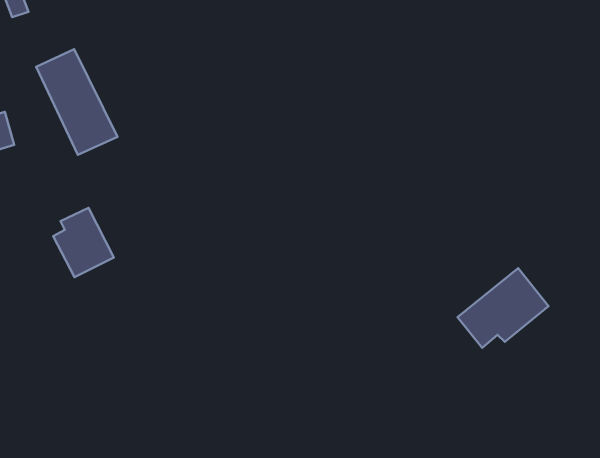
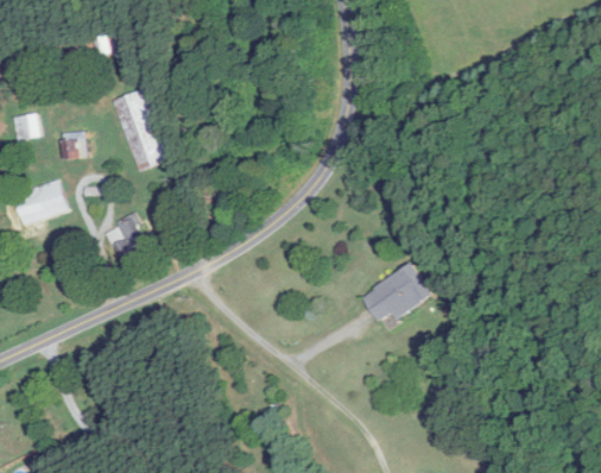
building: [458,268,548,348] -> [361,264,431,321]

